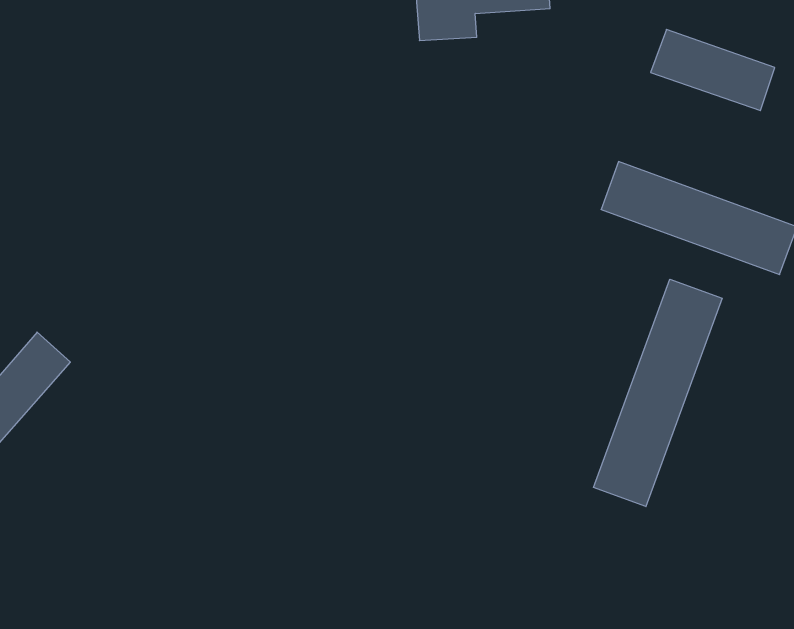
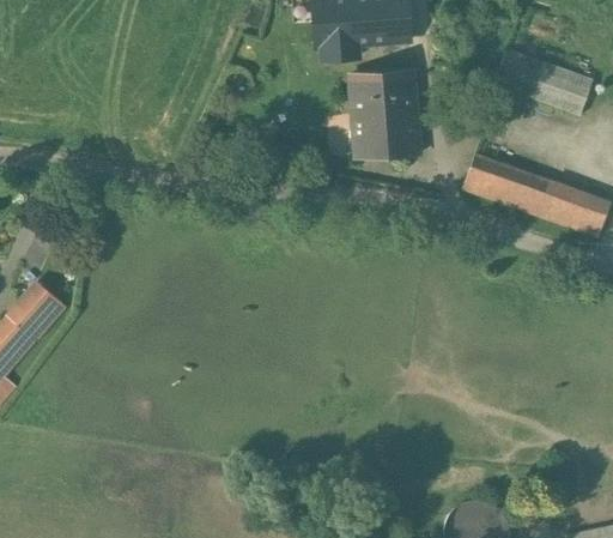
building: none -> [346,69,421,162]
building: [594,279,722,507] -> none

